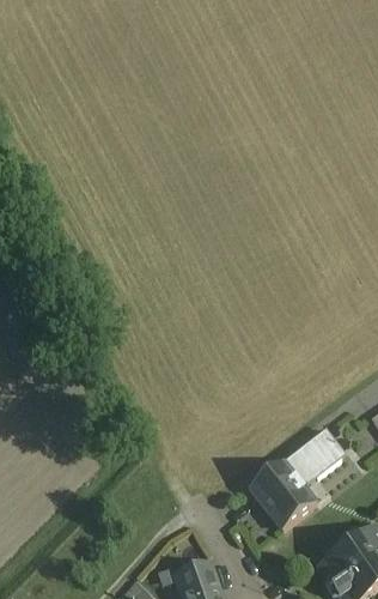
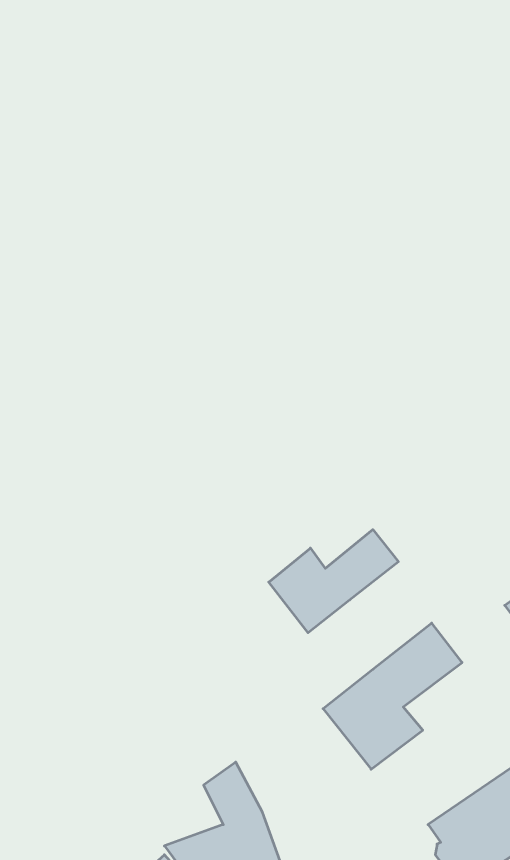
building: none -> [269,530,398,633]

